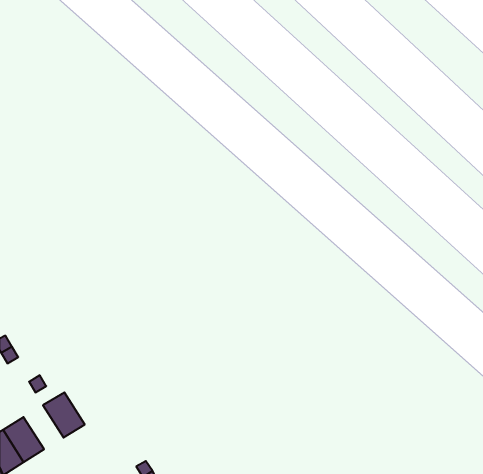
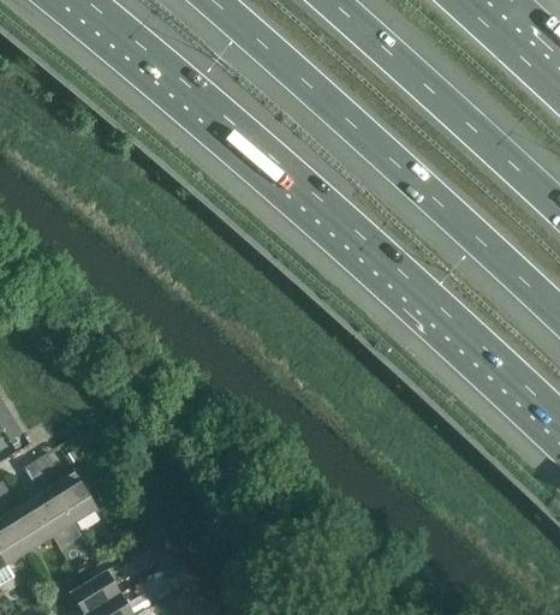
building: none -> [28,488,72,537]

